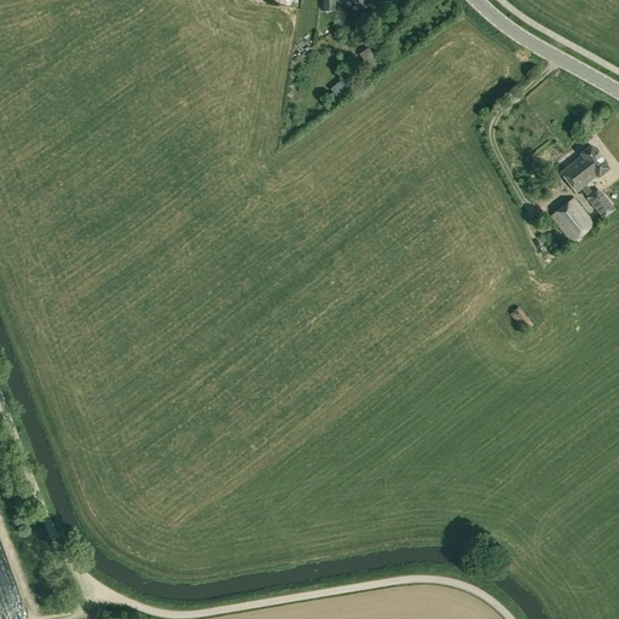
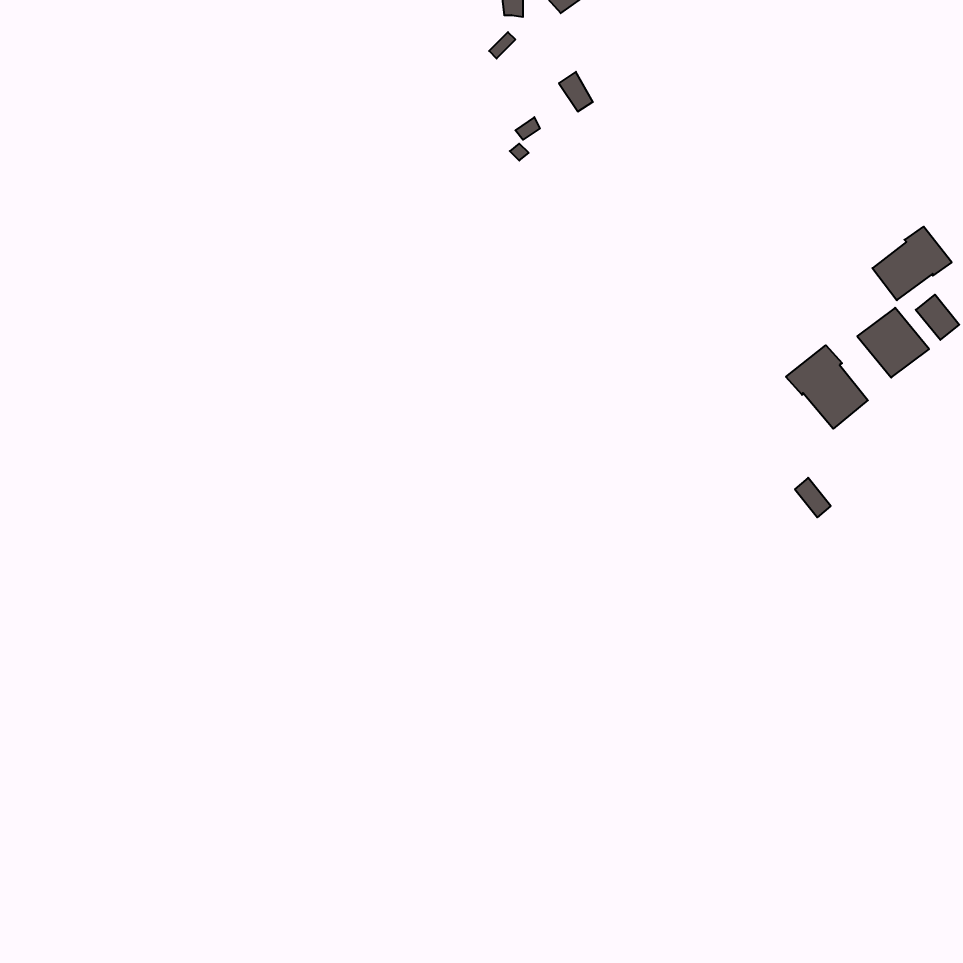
building: none -> [786,345,868,429]

